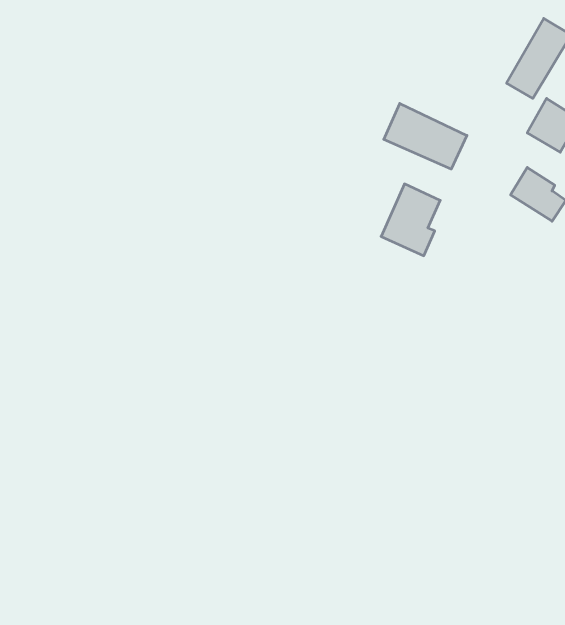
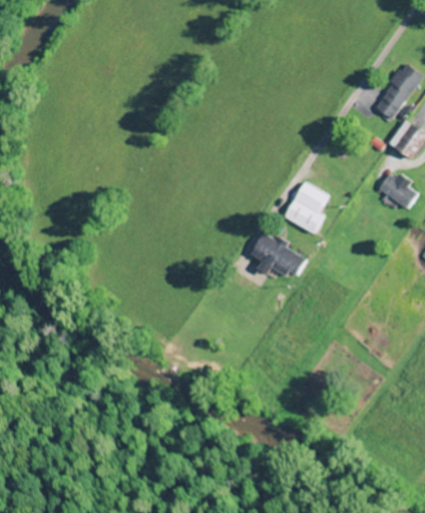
building: [384,103,467,169] -> none
building: none -> [250,233,307,279]

